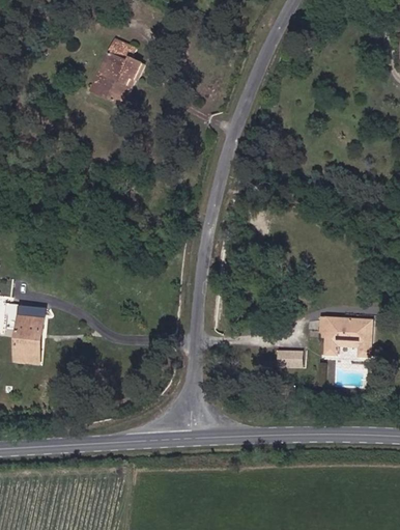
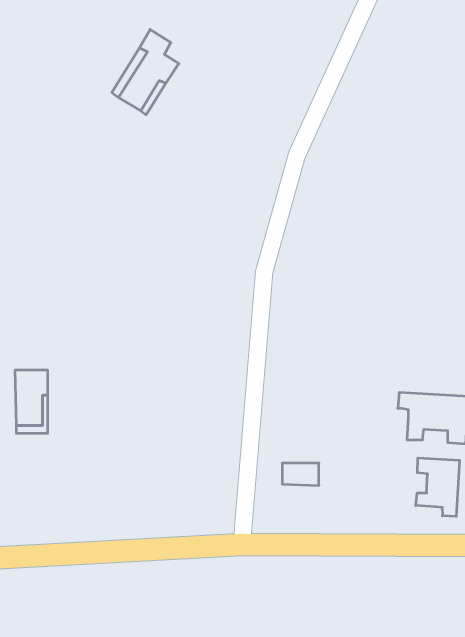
building: [280,353,309,370] -> [282,463,319,485]
building: none -> [416,458,459,516]

